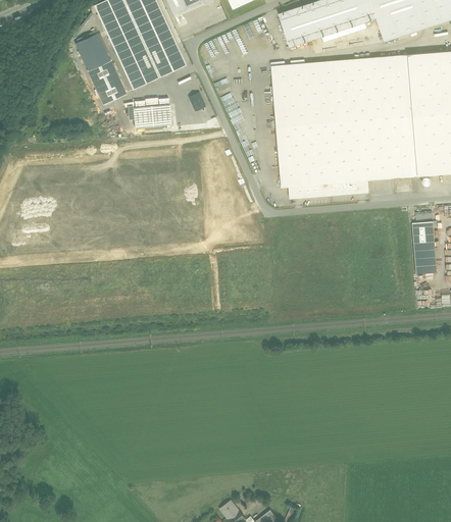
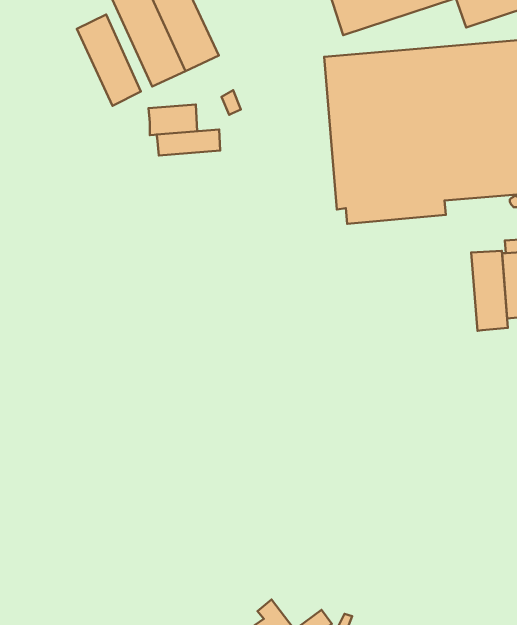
building: none -> [157,130,220,156]
building: none -> [471,251,508,331]

